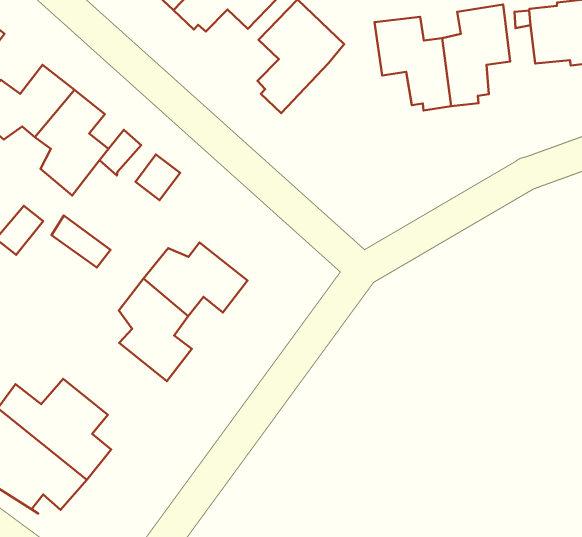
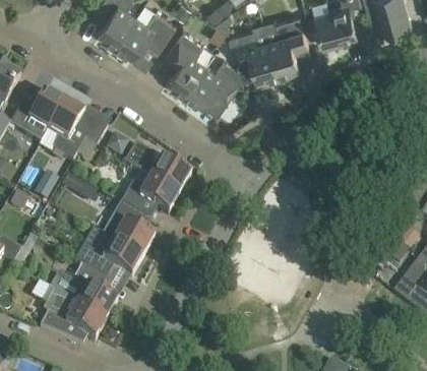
building: none -> [183,59,241,107]
building: none -> [123,143,190,194]
building: none -> [73,235,142,283]

